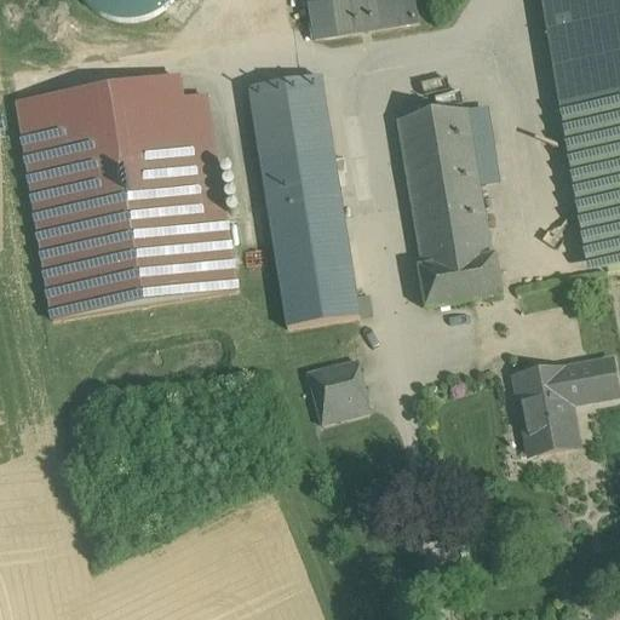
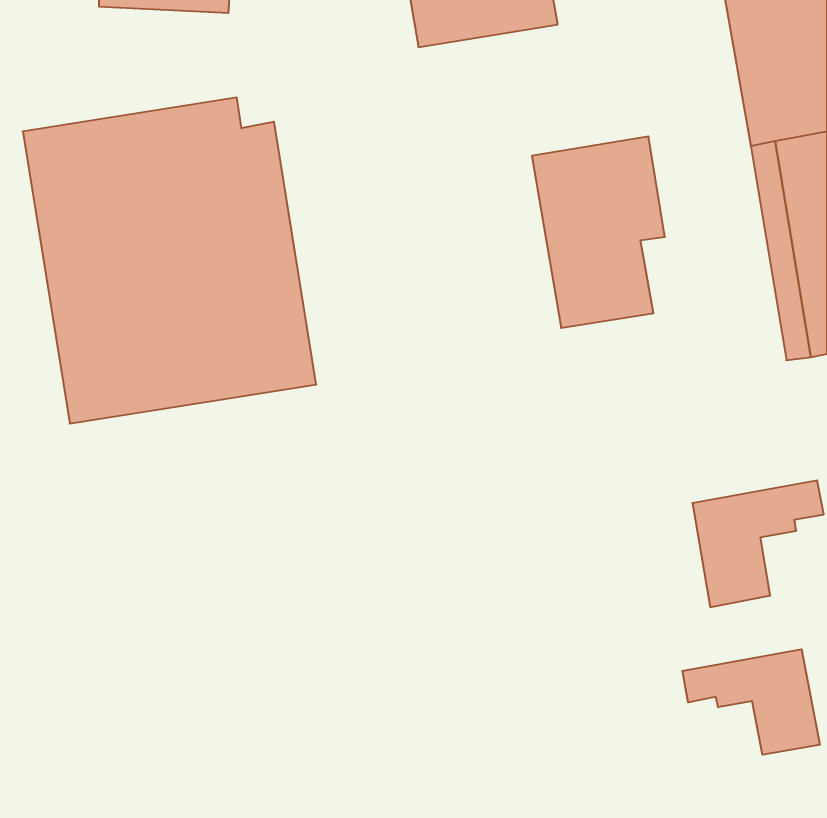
building: [248,73,360,325] -> none
building: [419,234,500,303] -> none
building: [308,358,369,423] -> none
building: none -> [683,649,820,755]

